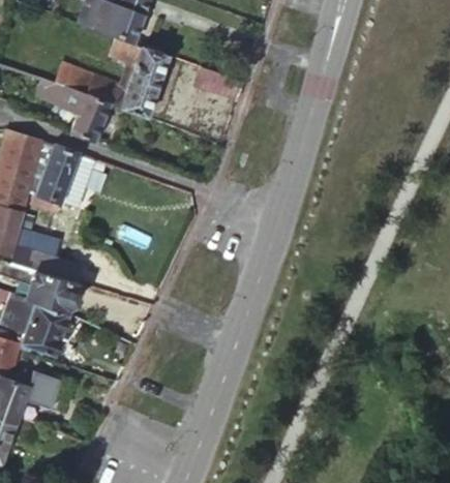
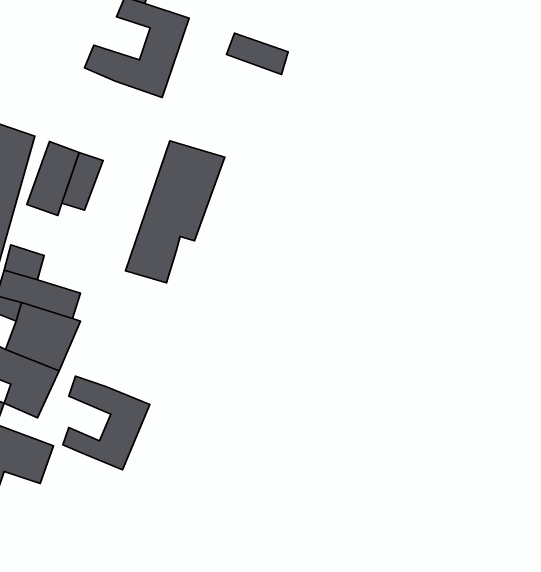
building: [29,74,107,139] -> none
building: none -> [126,141,225,283]
building: none -> [63,376,150,470]

